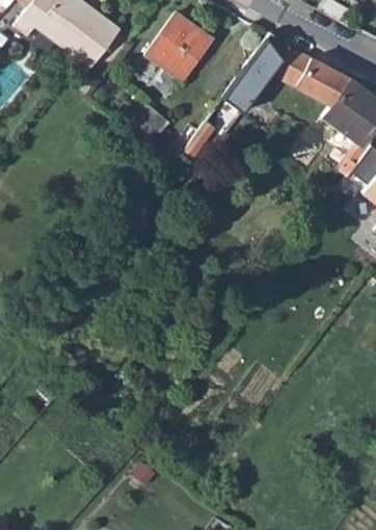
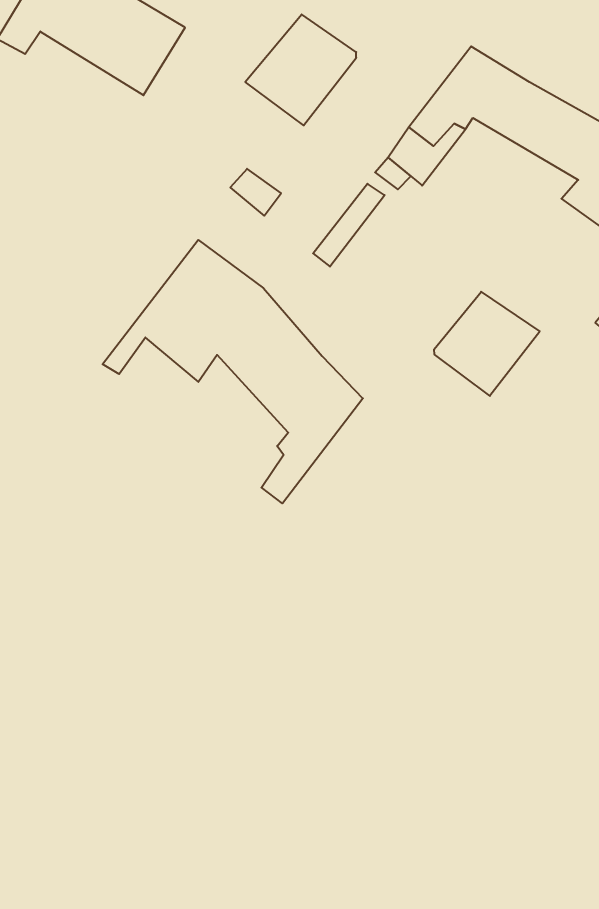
building: none -> [103,240,363,503]
building: none -> [434,292,540,396]

